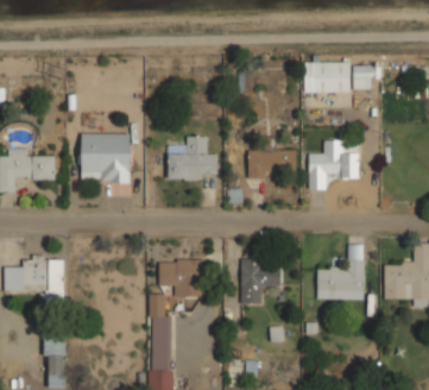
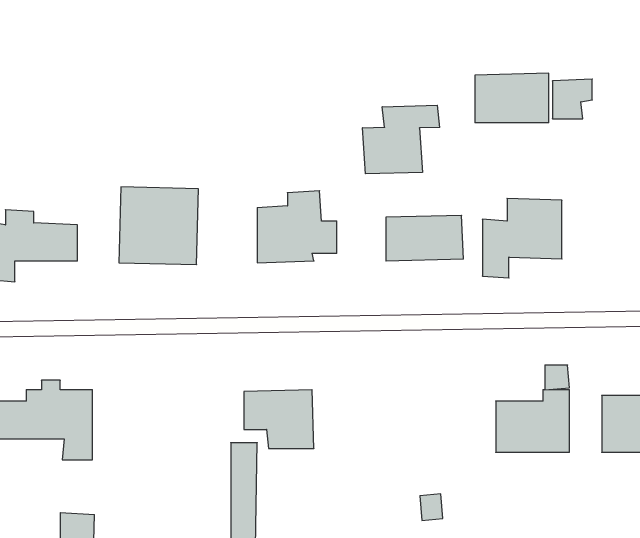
building: none -> [363,105,440,174]
building: [241,260,282,306] -> none

